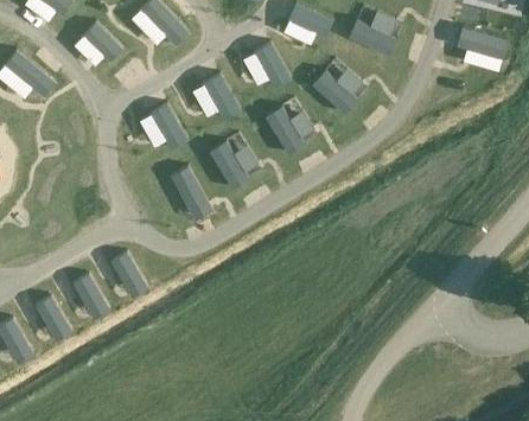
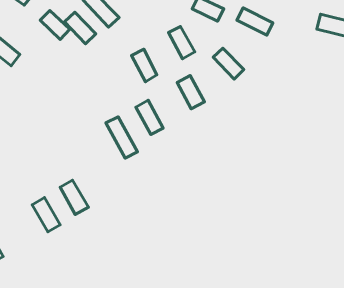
building: none -> [65,12,96,44]
building: [151,103,187,149] -> none
building: [33,295,71,342] -> none

